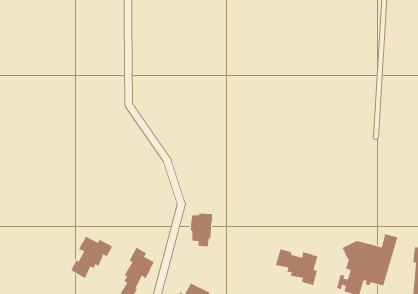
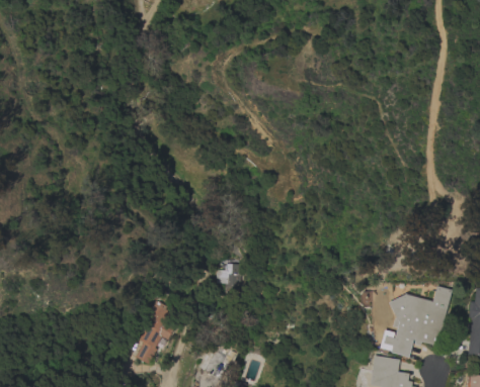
building: [71,236,113,279] -> none
building: [275,248,318,286] -> none

